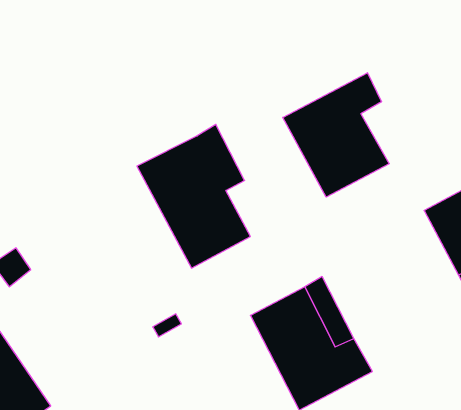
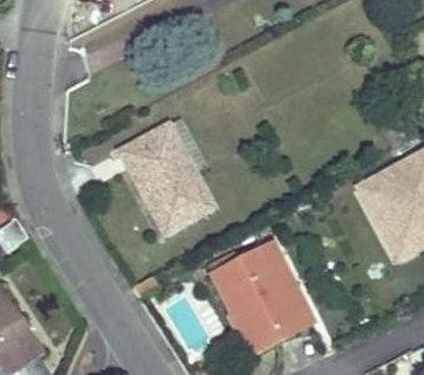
building: [283,73,389,197] -> none

